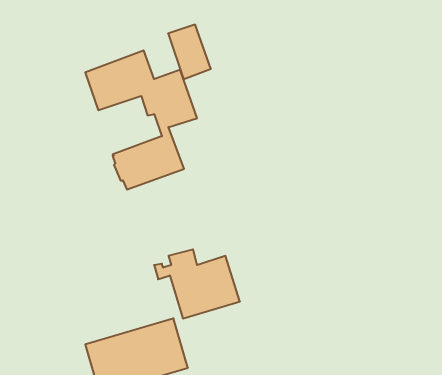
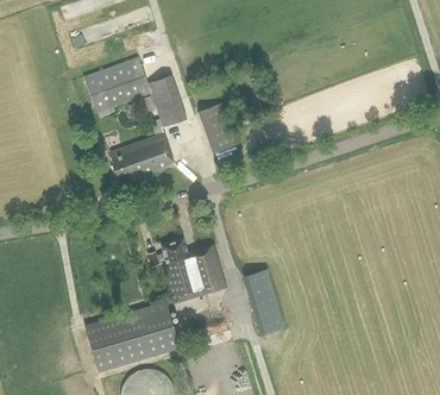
building: [168,25,211,79] -> [199,102,238,152]
building: none -> [244,269,284,334]

